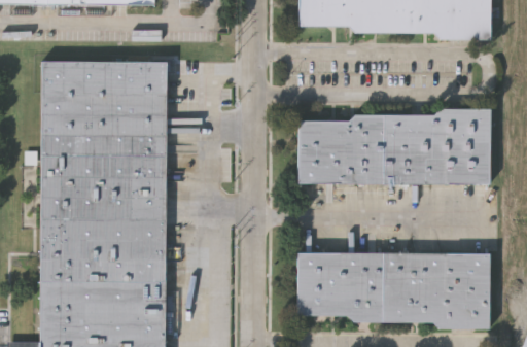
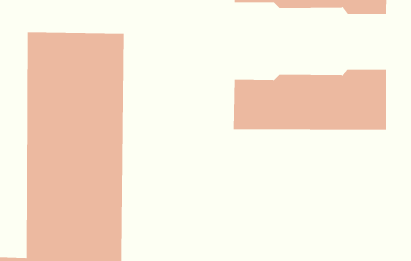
building: [298,254,490,331] -> none

